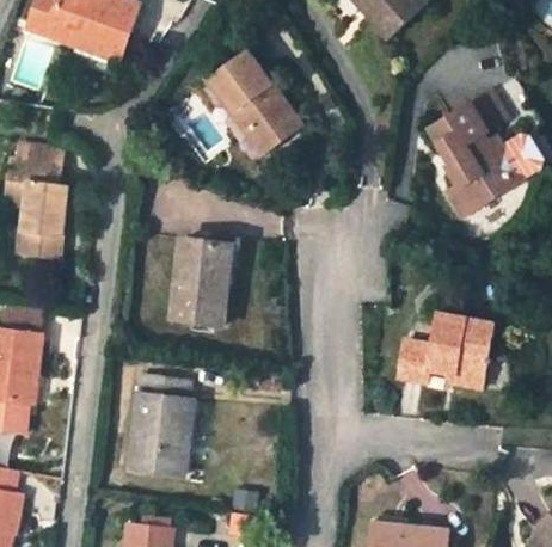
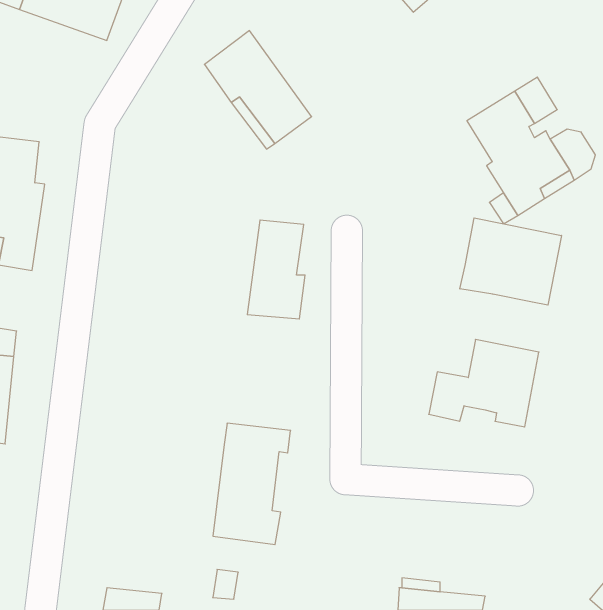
building: none -> [460,218,561,305]
building: [172,241,221,325] -> [247,220,305,319]
building: [124,375,190,478] -> [213,423,291,545]

